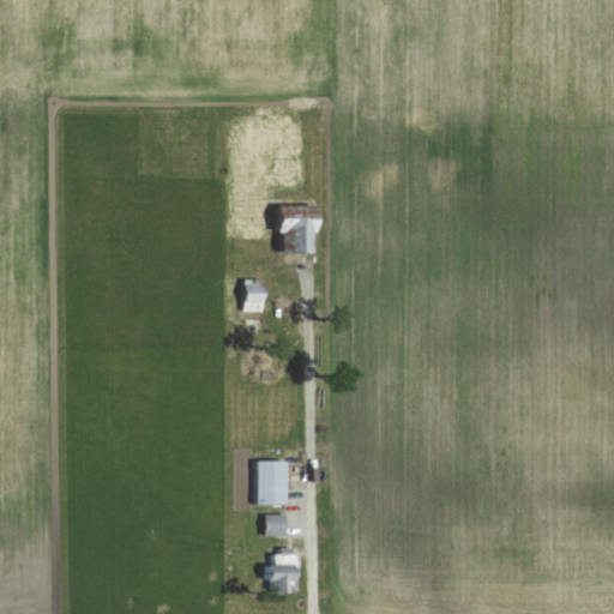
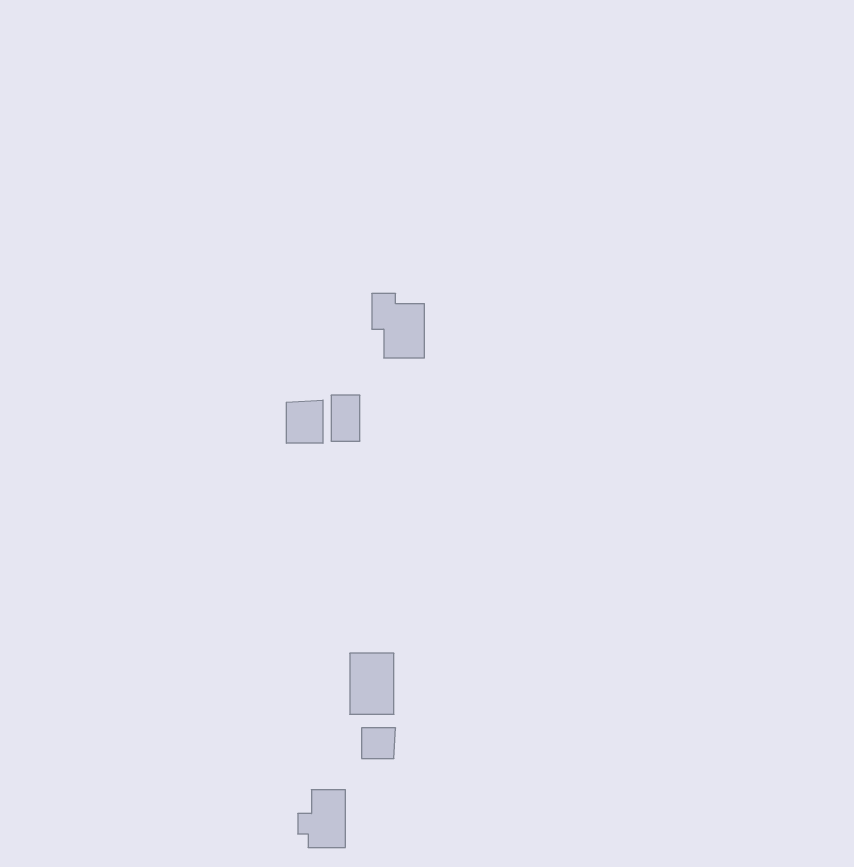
building: none -> [286,400,323,443]
building: [264,550,297,591] -> [298,790,345,847]

